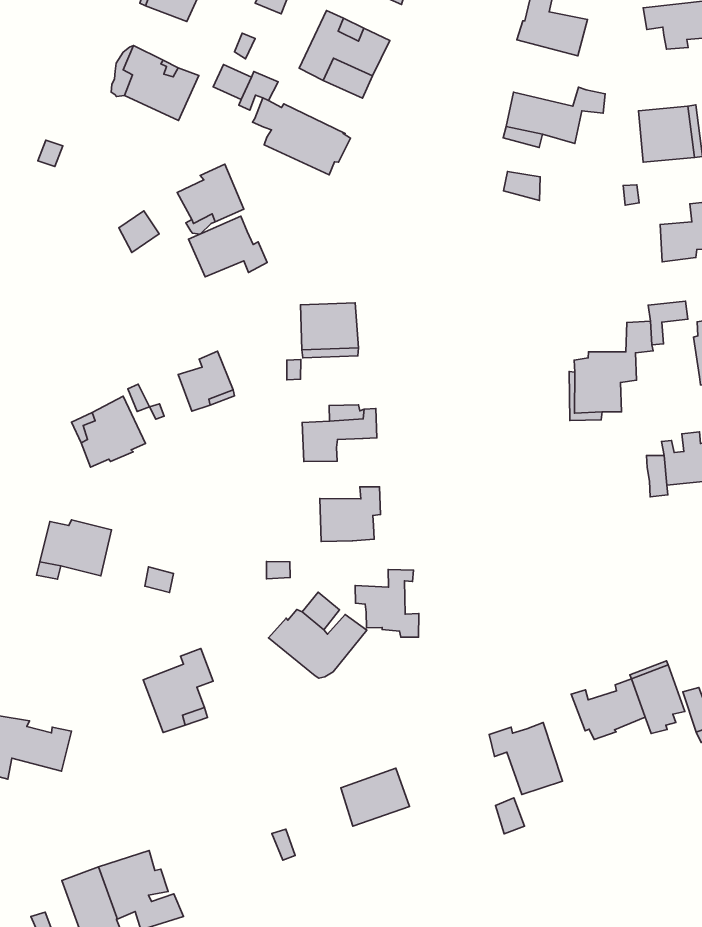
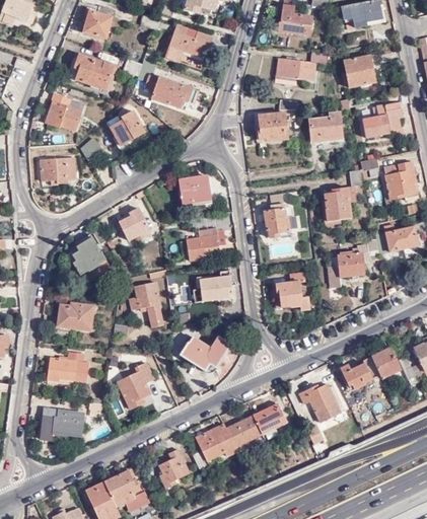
building: none -> [45,94,83,131]
building: none -> [258,113,288,142]
building: none -> [308,113,341,142]
building: [189,216,267,277] -> none
building: none -> [40,158,74,183]
building: none -> [264,194,290,237]
building: none -> [327,248,364,288]
building: none -> [129,282,162,326]
building: [355,569,419,637] -> [274,274,309,309]
building: none -> [46,352,88,382]
building: none -> [253,403,285,434]
building: none -> [195,424,235,460]
building: none -> [158,448,188,488]

